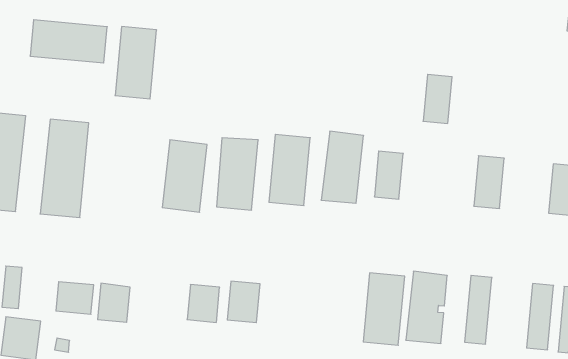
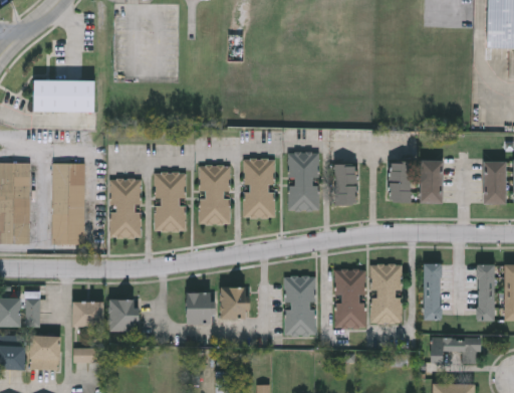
building: [115,27,157,99] -> [111,178,142,237]
building: [423,74,452,123] -> [390,161,411,201]
building: none -> [285,275,316,335]

